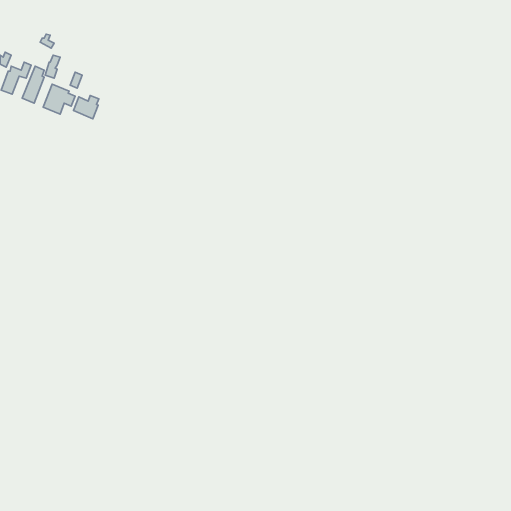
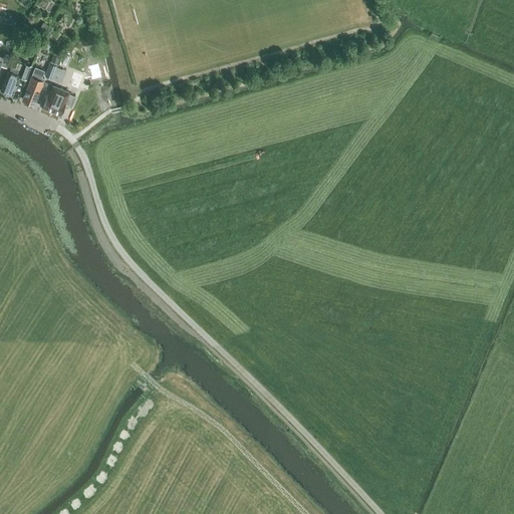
building: [73,95,99,119] -> none

